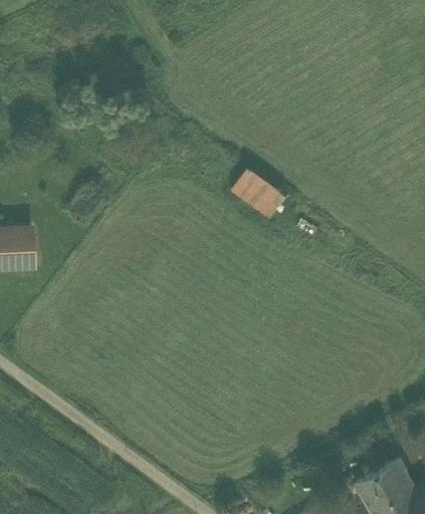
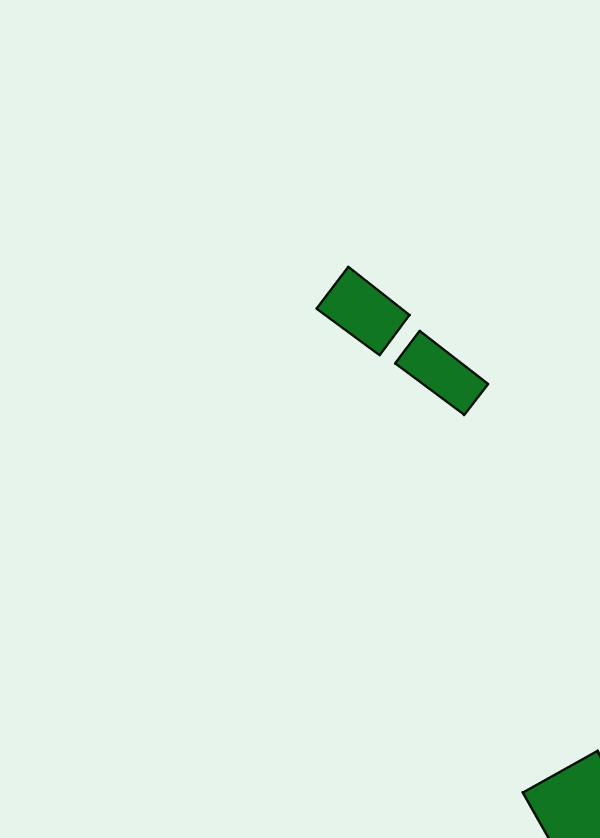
building: none -> [395,331,488,415]

